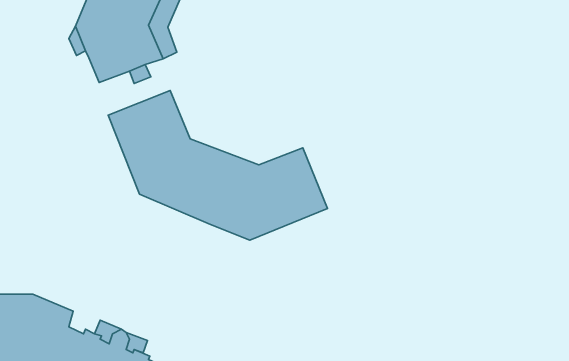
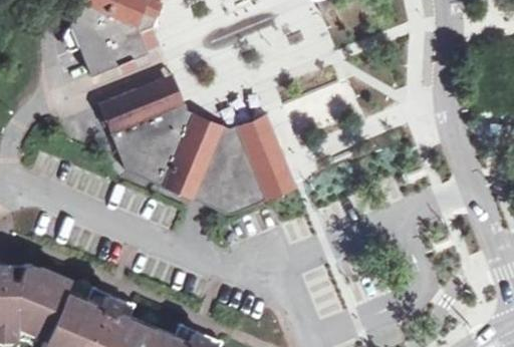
building: none -> [154,76,272,147]

